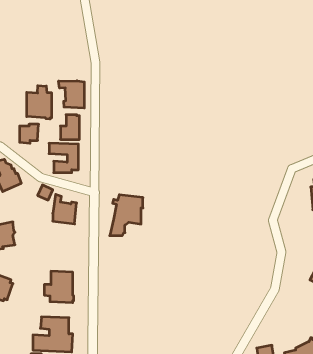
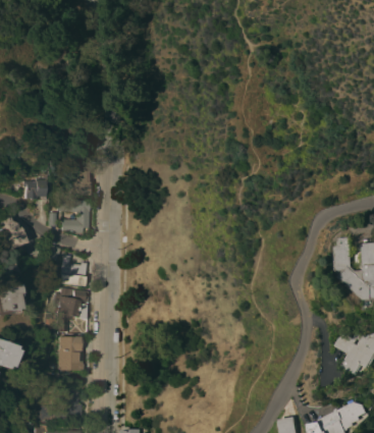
building: [59,81,84,108] -> none
building: [27,86,51,119] -> none
building: [110,195,143,236] -> [52,287,88,331]

